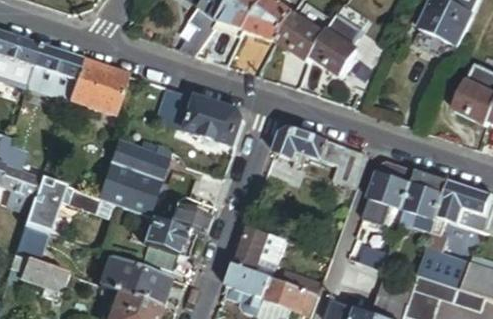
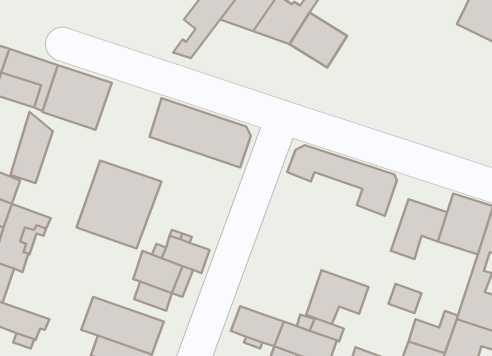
building: [311,15,361,76] -> none
building: none -> [11,112,53,183]
building: [234,227,287,273] -> [306,270,368,324]

